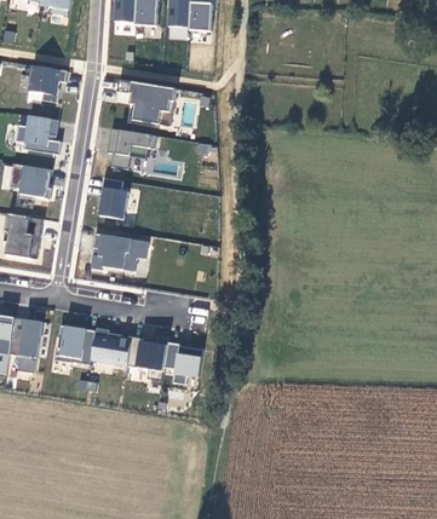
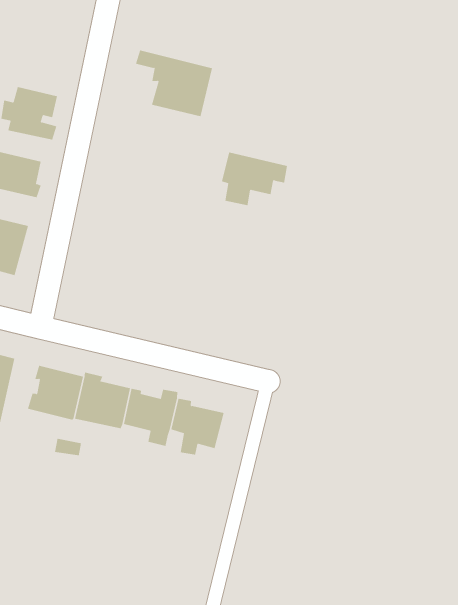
building: [27,64,68,103] -> none
building: [108,128,157,168] -> [221,152,288,206]
building: [98,177,128,219] -> none
building: [92,233,150,272] -> none

